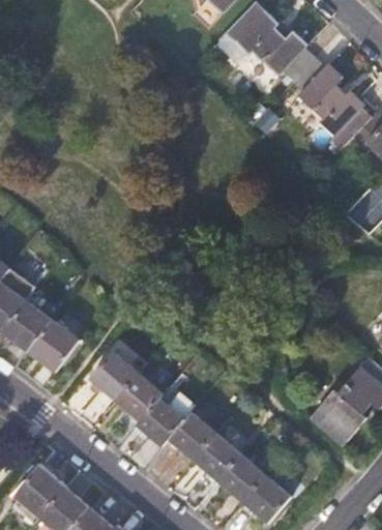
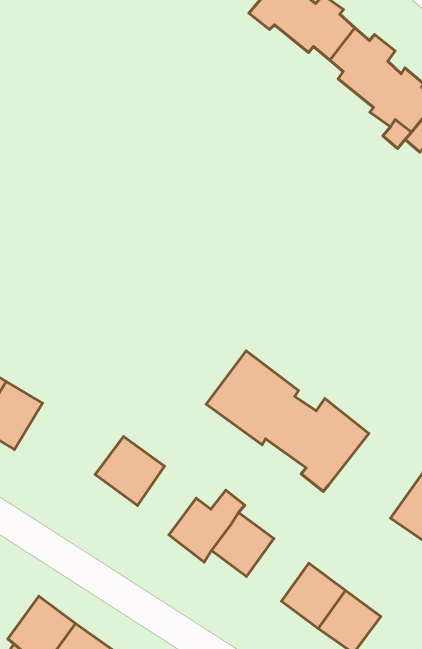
building: none -> [206,351,369,491]
building: [28,316,80,369] -> none
building: [117,371,165,419] -> none
building: [195,432,242,479] -> none

